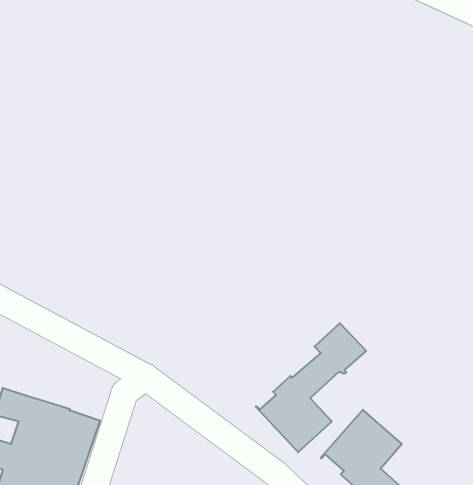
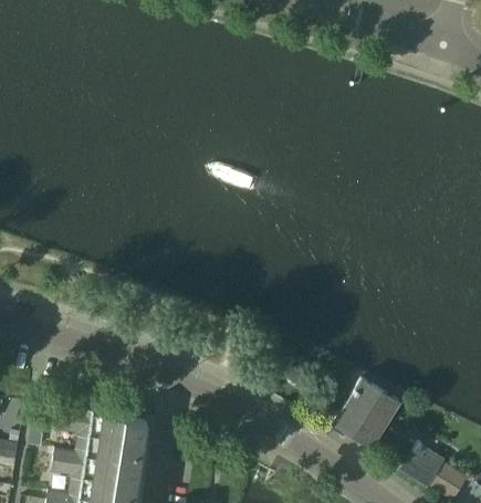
building: [256,323,366,452] -> none

